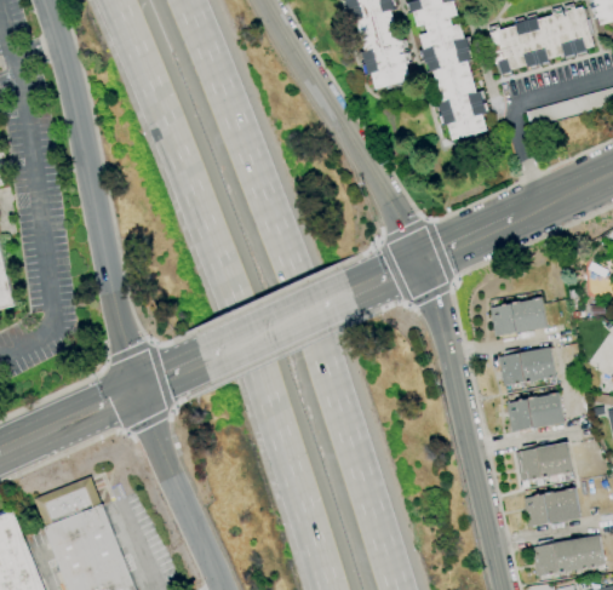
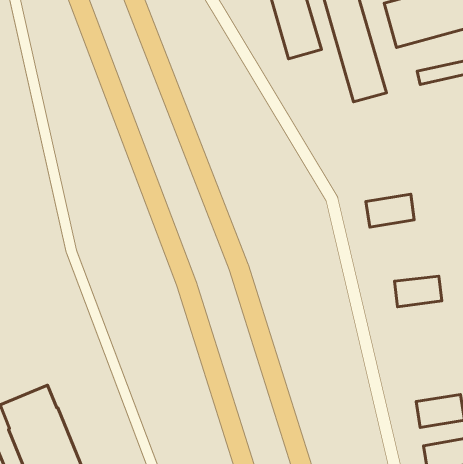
building: [489,298,546,337] -> [366,194,414,227]
building: [506,395,563,430] -> none
building: [515,442,573,481] -> none

